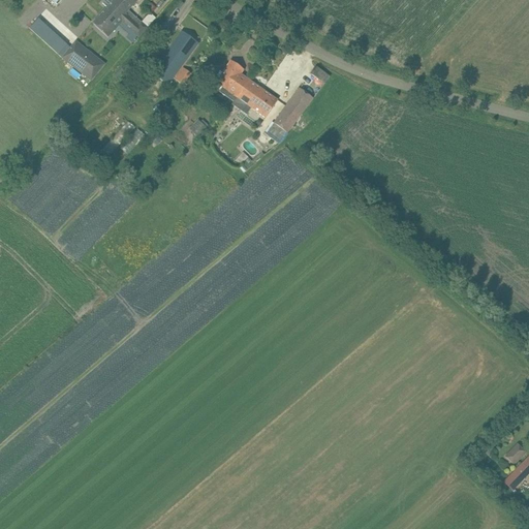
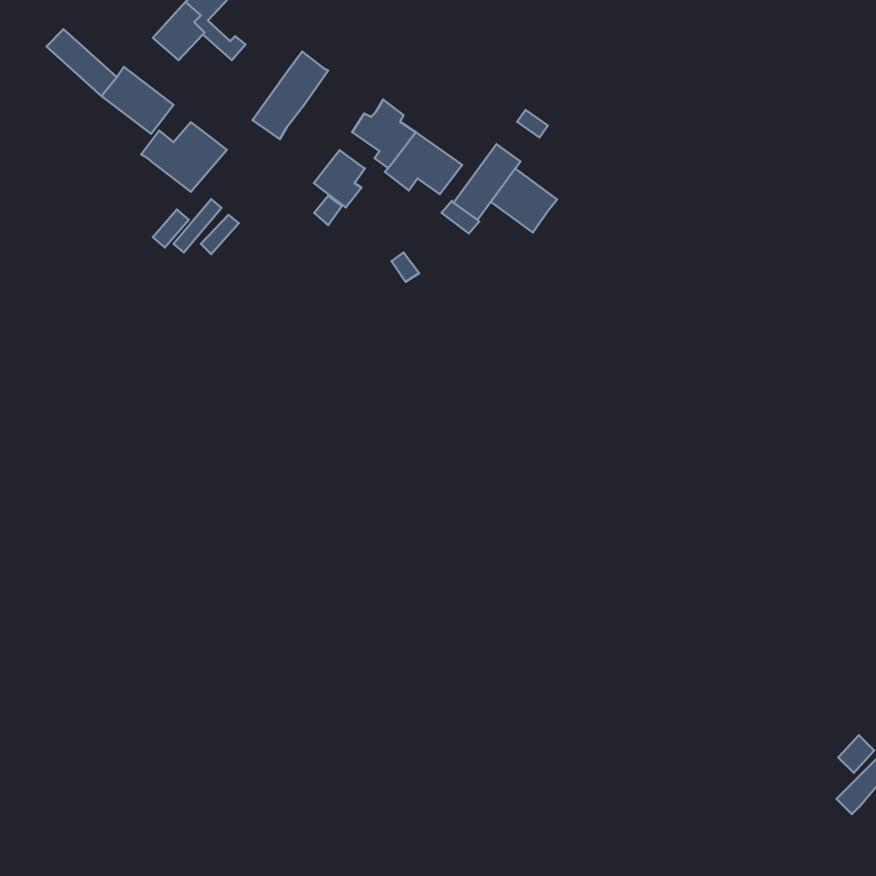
building: none -> [141,122,227,192]
building: none -> [314,150,365,208]
building: none -> [491,169,557,233]

